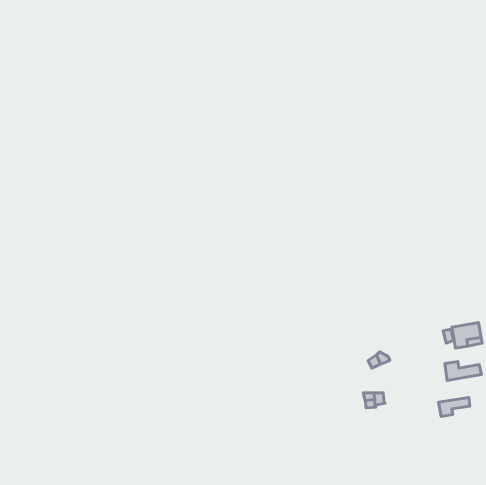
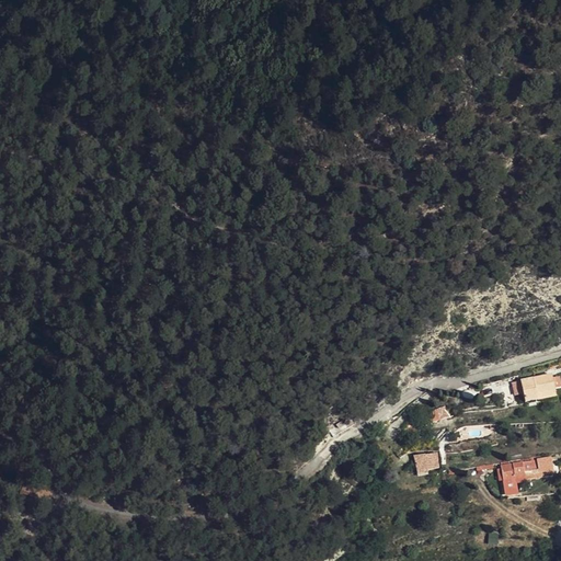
building: [445,361,481,381] -> none

